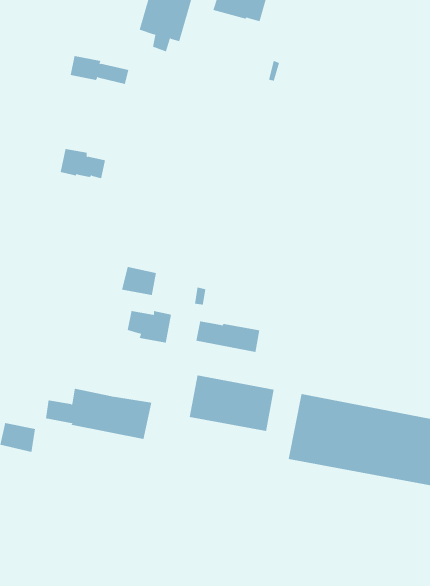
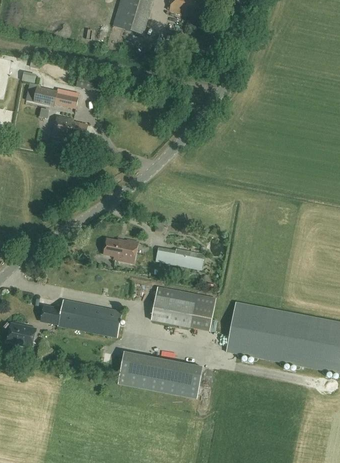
building: [70,55,129,84] -> [33,86,78,108]
building: [122,266,157,296] -> none
building: none -> [117,351,202,398]

